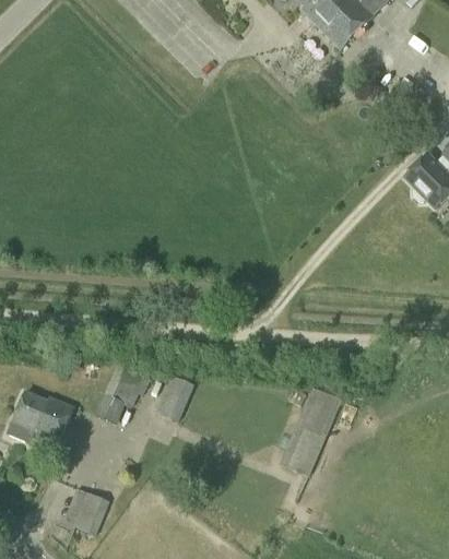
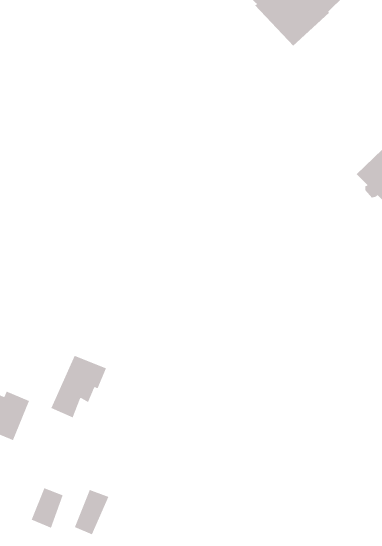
building: [156,377,192,420] -> none
building: [279,384,341,476] -> none
building: none -> [74,489,109,535]

